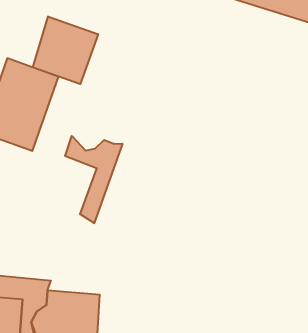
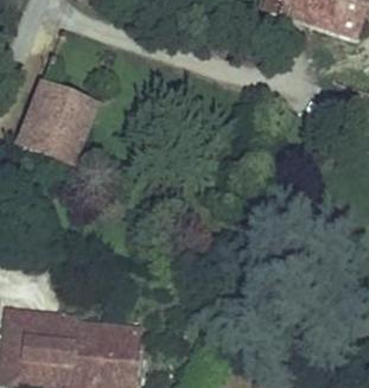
building: [33,16,98,84] -> none
building: [65,136,122,223] -> none

